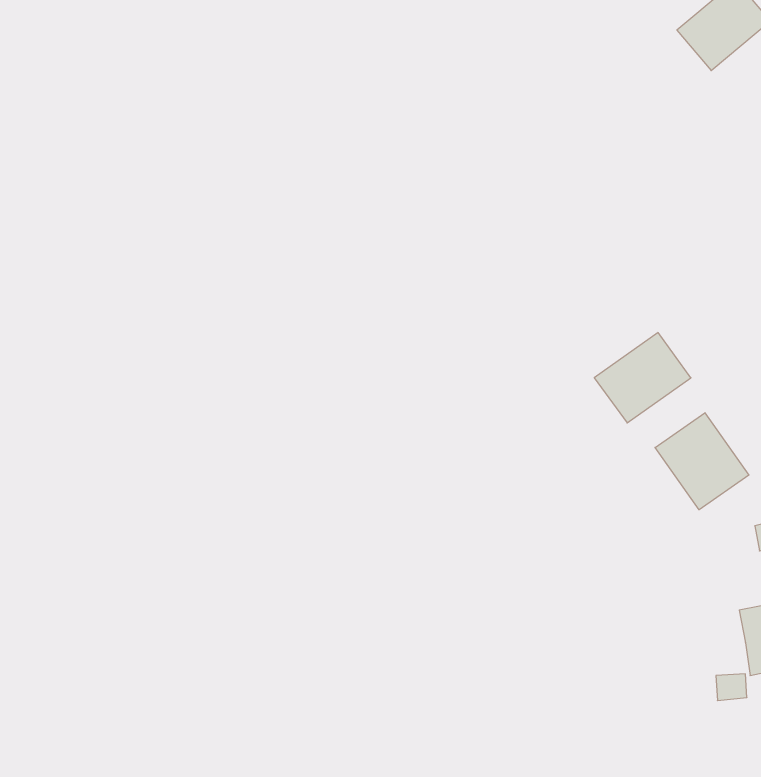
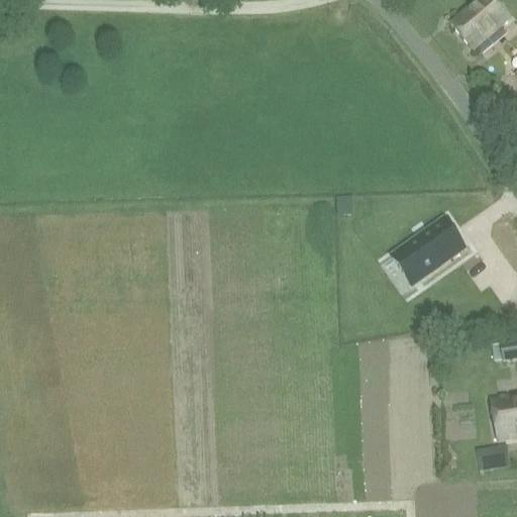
building: [655,413,749,510] -> none

